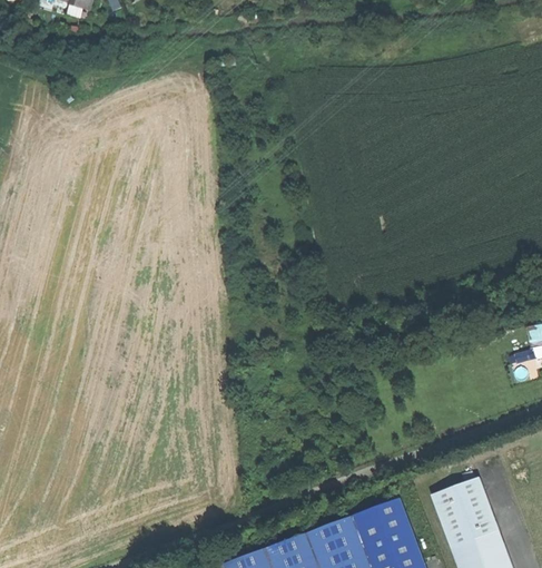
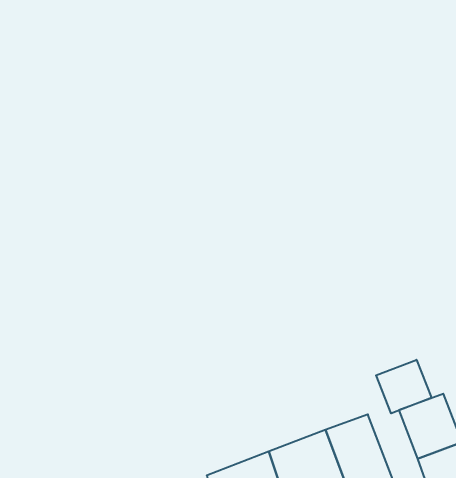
building: none -> [376,360,431,413]

